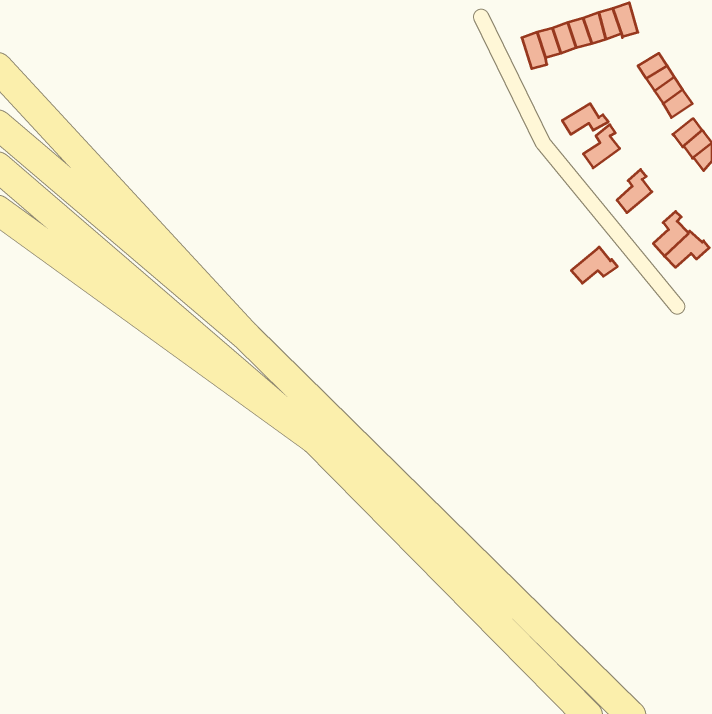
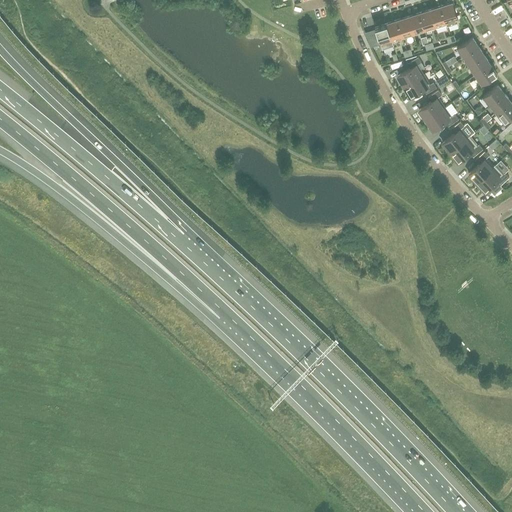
building: none -> [396,57,422,87]
building: none -> [424,107,457,131]
building: [571,247,617,283] -> [448,136,481,162]

